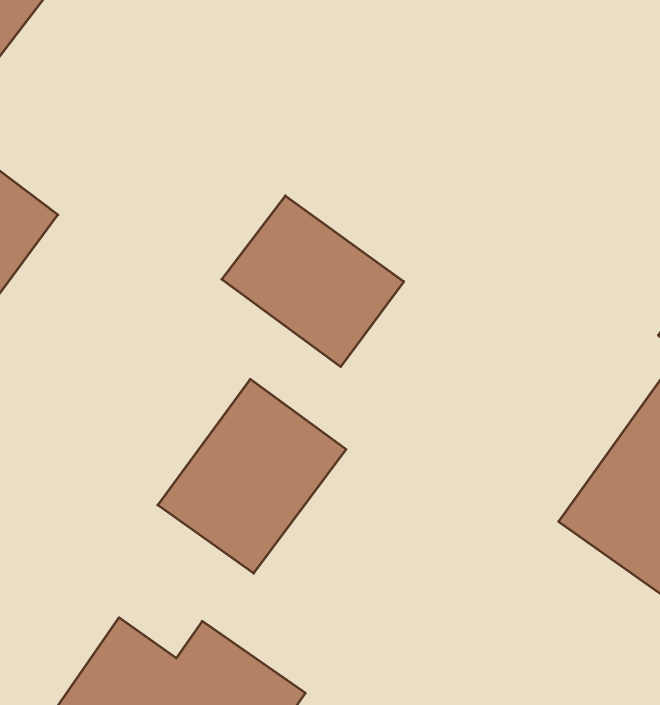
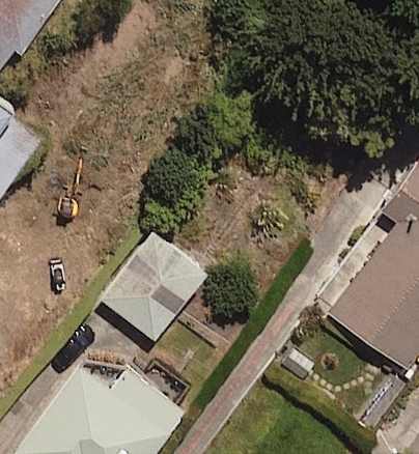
building: [222,196,404,367] -> none

